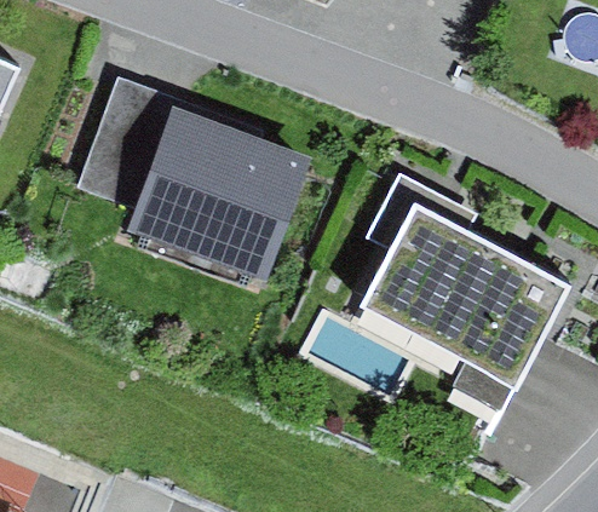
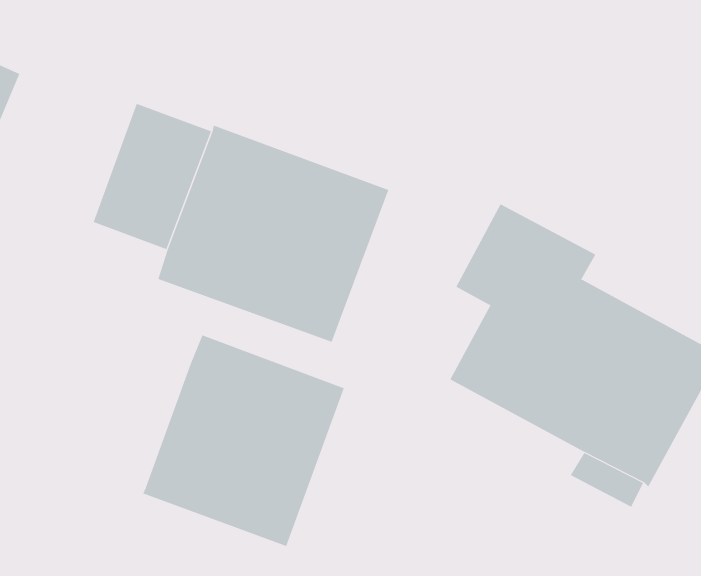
building: none -> [142,334,344,547]

